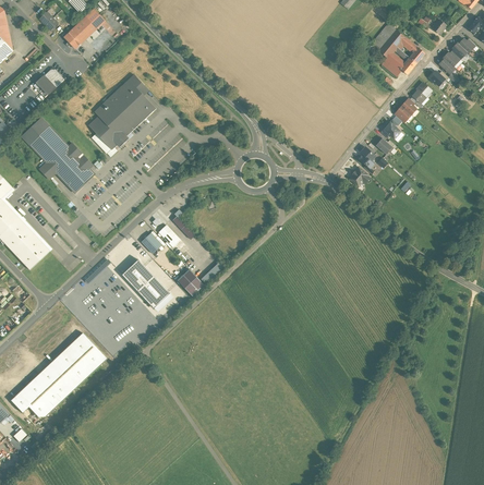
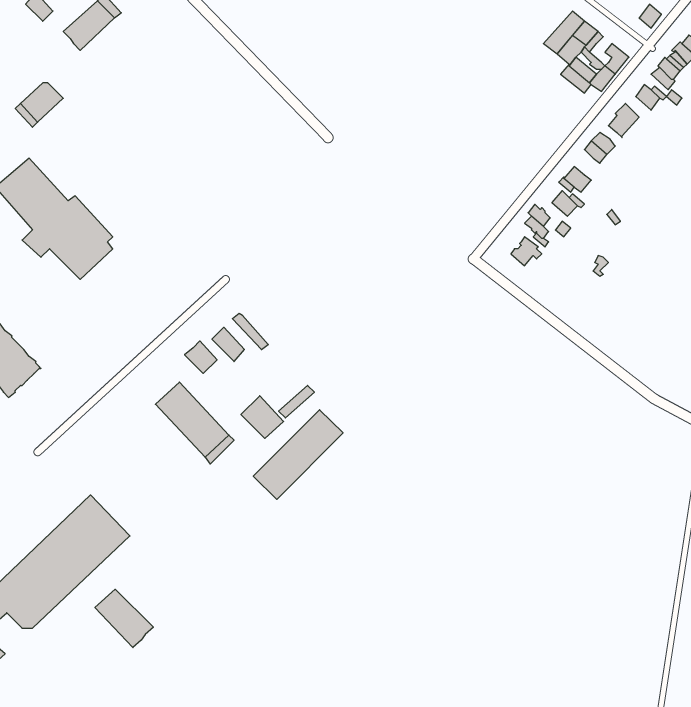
building: [88,74,155,153] -> none
building: none -> [253,410,343,499]
building: none -> [95,589,153,648]

